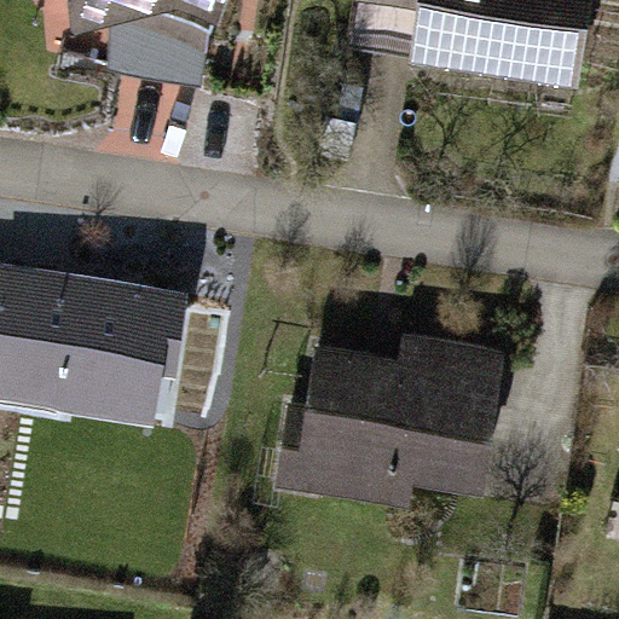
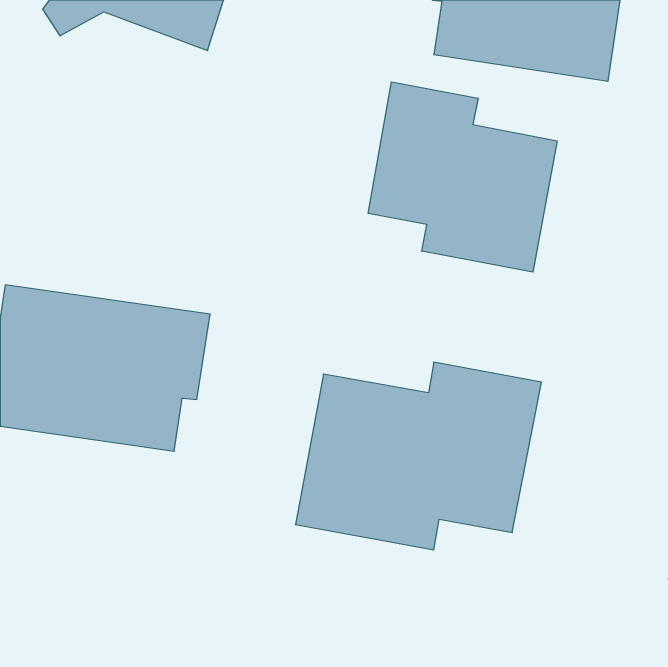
building: none -> [368,82,557,272]

